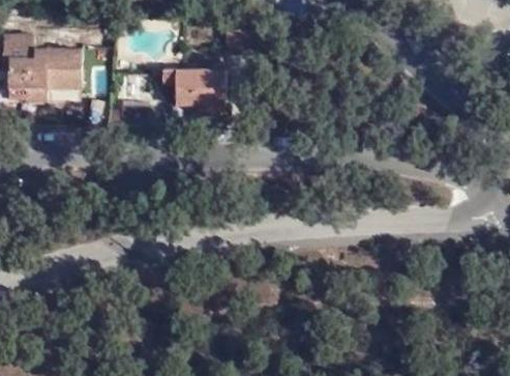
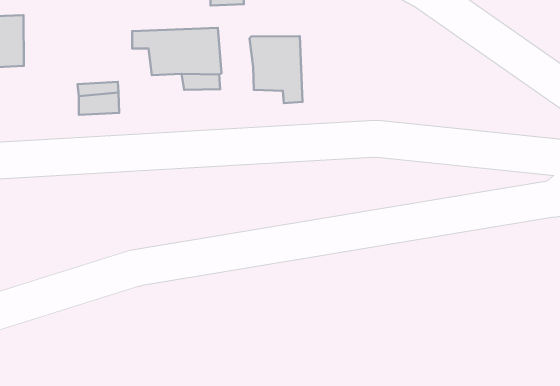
building: none -> [250,36,303,103]

